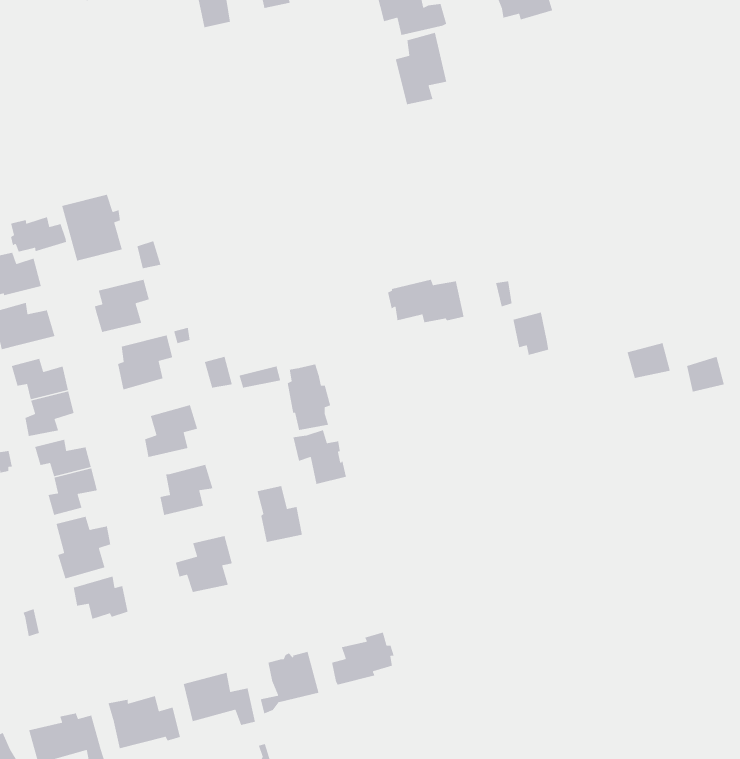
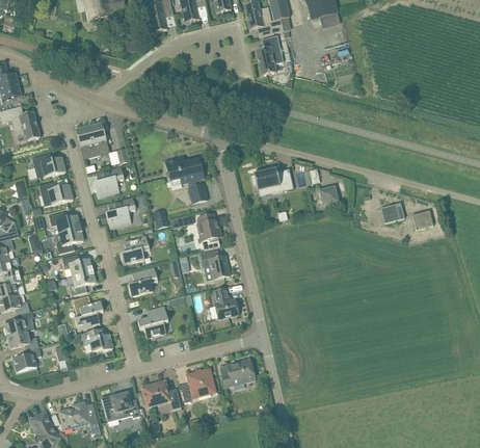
building: [10,216,67,253] -> none
building: none -> [165,156,208,203]
building: [257,485,303,543] -> [213,287,238,318]

